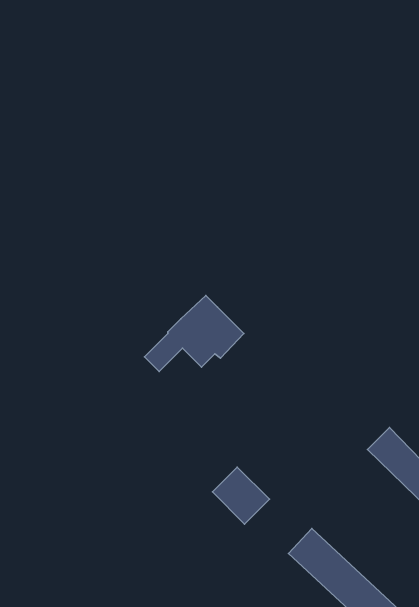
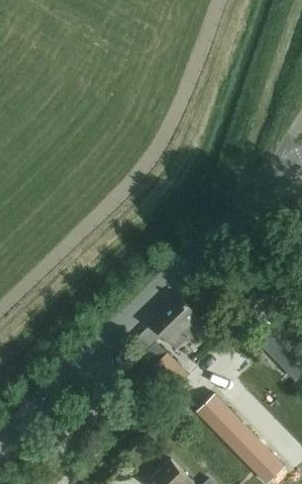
building: [144,295,244,371] -> [134,300,203,353]

